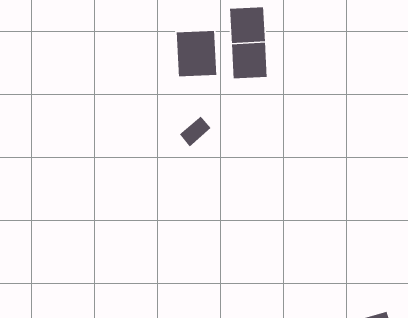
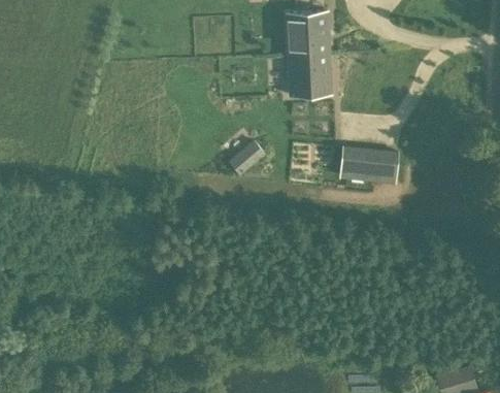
building: [176,30,217,77] -> none
building: none -> [341,148,399,182]

